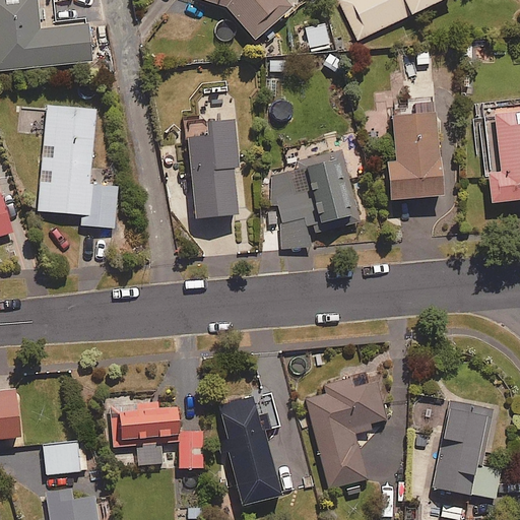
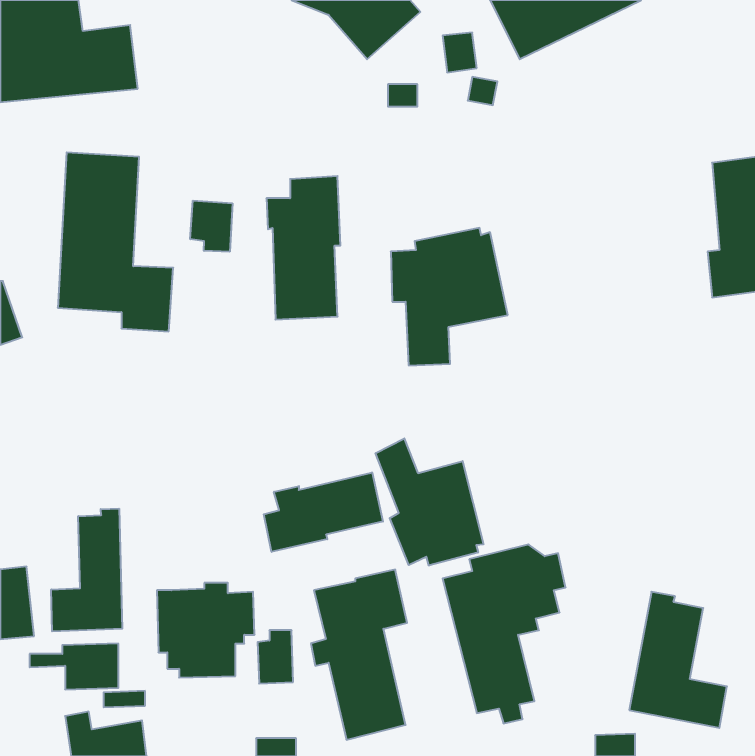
building: [374,92,439,200] -> none
building: none -> [190,201,232,252]
building: none -> [376,438,483,566]
building: none -> [264,472,383,552]
building: none -> [51,509,122,631]

